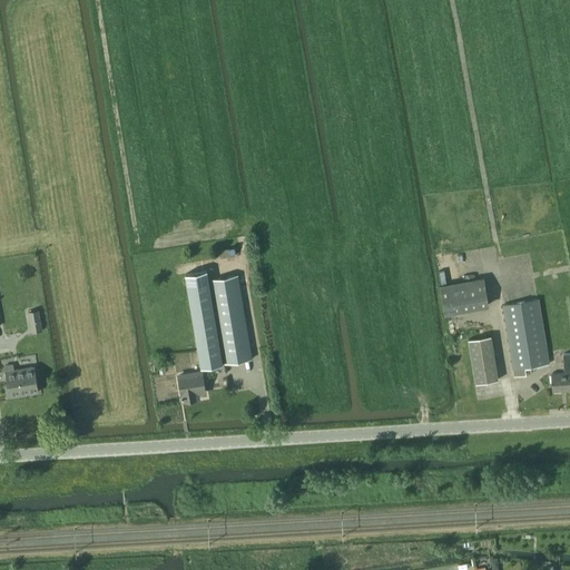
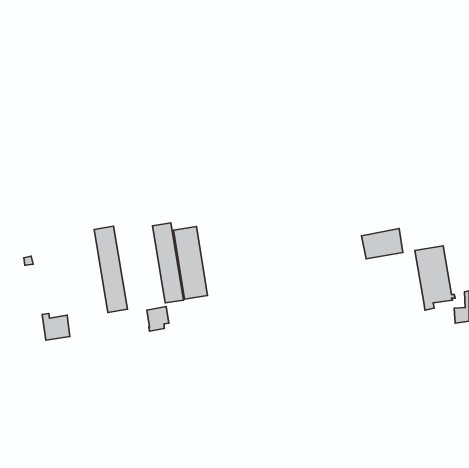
building: none -> [94,226,127,312]
building: [469,337,498,385] -> none
building: [4,365,38,397] -> [42,313,70,340]

